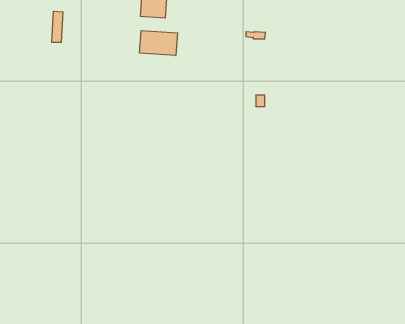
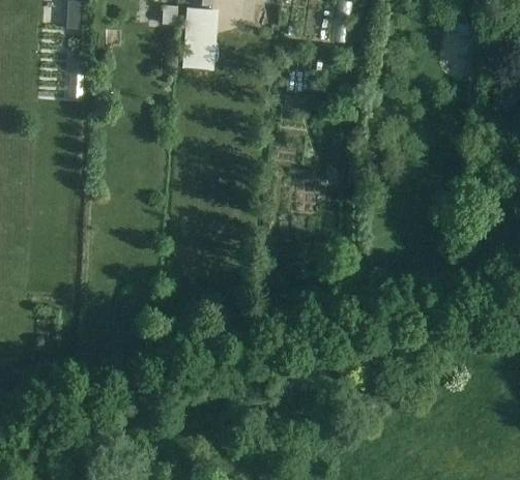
building: [140,31,177,56] -> none

